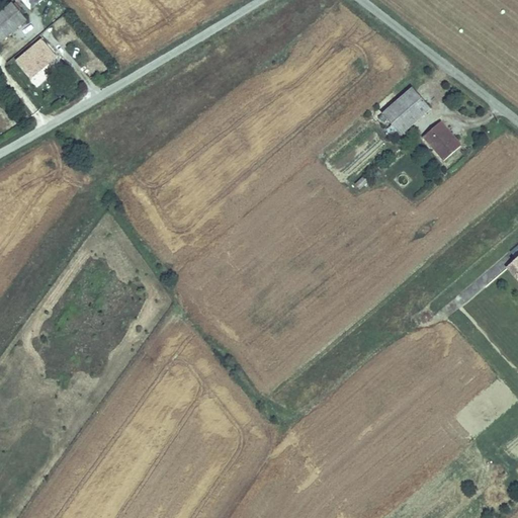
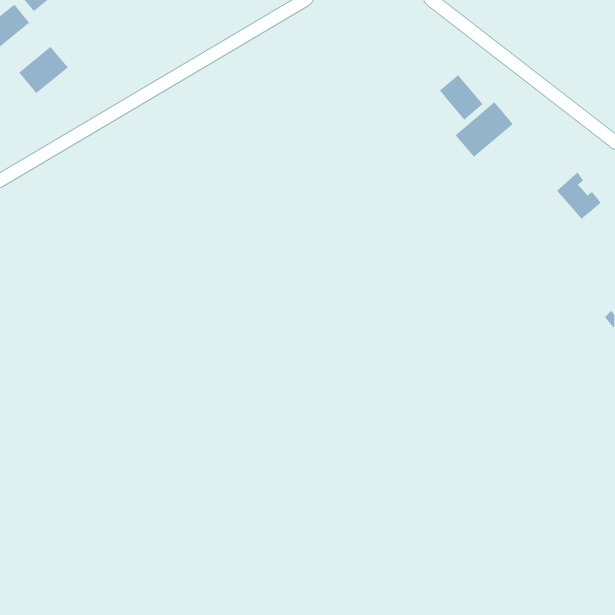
building: none -> [439,74,484,121]
building: [422,118,460,159] -> [556,172,602,220]

